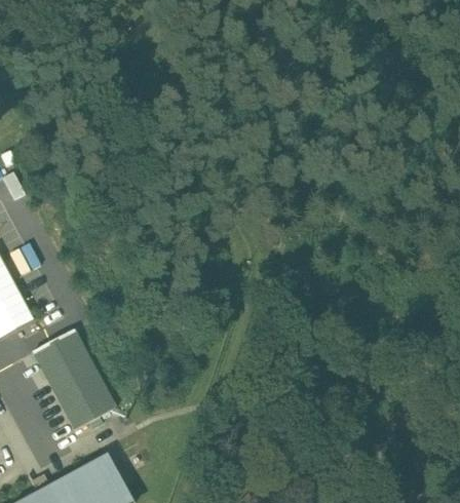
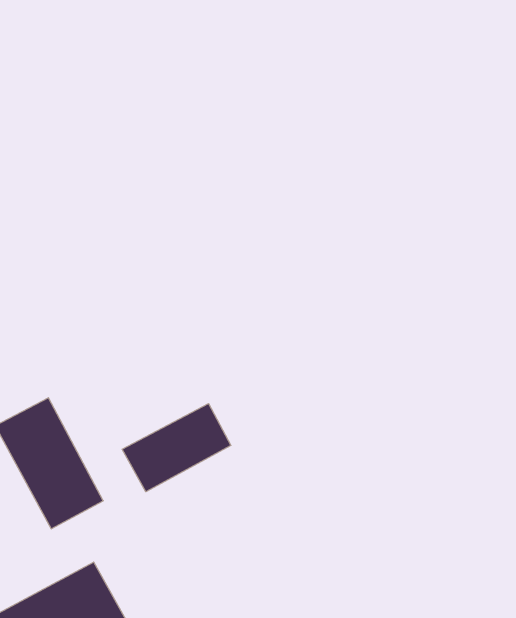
building: none -> [122,404,231,492]

